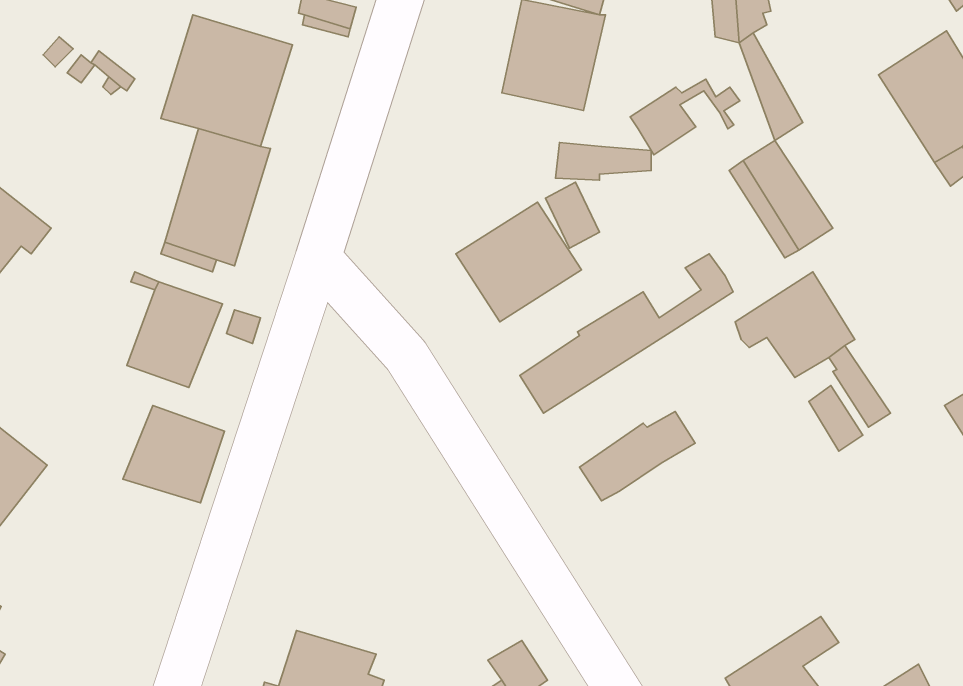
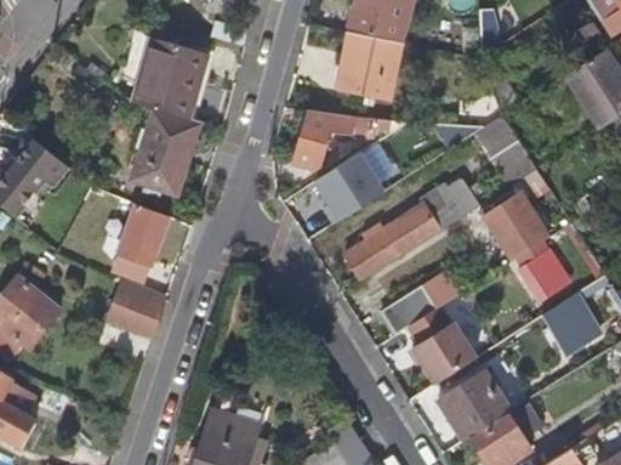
building: [630,79,740,155] -> [417,176,484,222]
building: none -> [298,110,353,154]
building: none -> [546,297,603,358]
building: none -> [408,311,488,385]
building: none -> [437,370,508,441]

